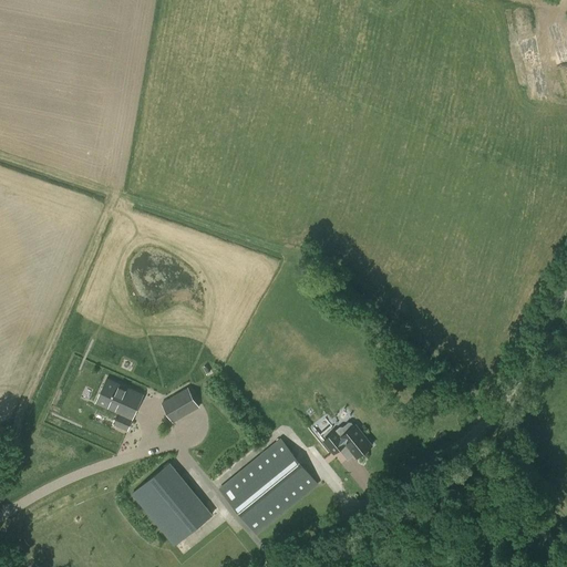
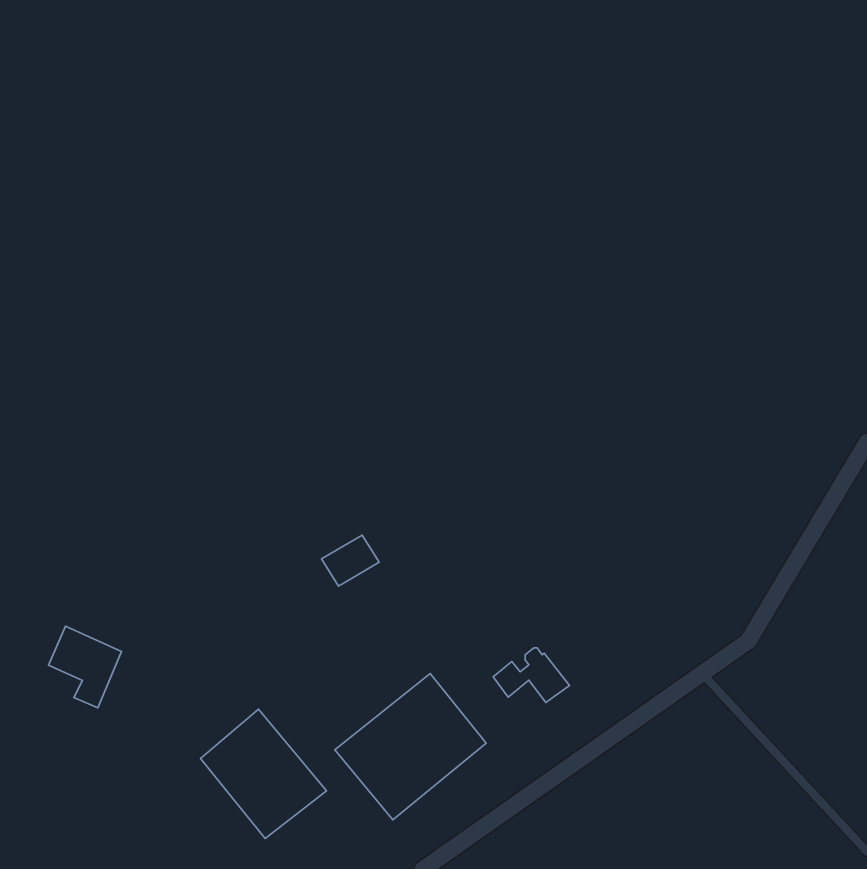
building: [94,378,142,431] -> [48,626,122,708]
building: [161,388,198,421] -> [321,535,379,586]

